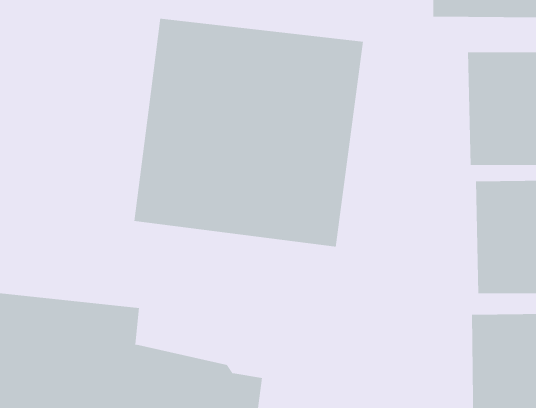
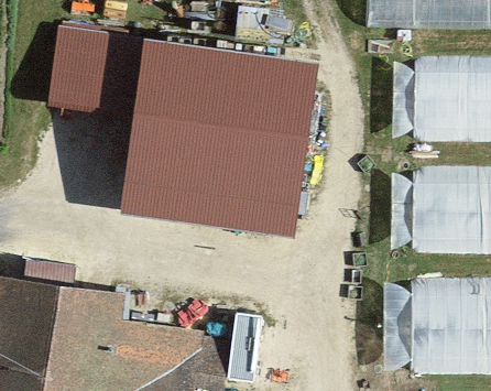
building: none -> [48,25,143,113]

